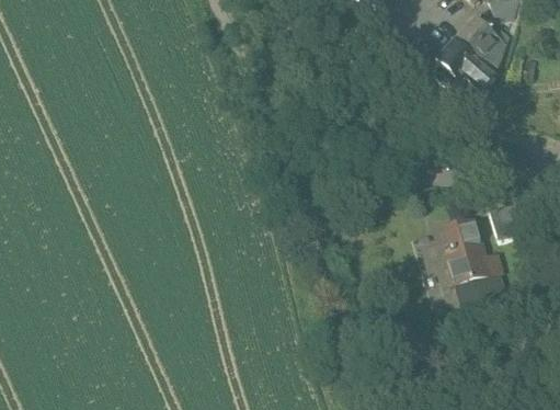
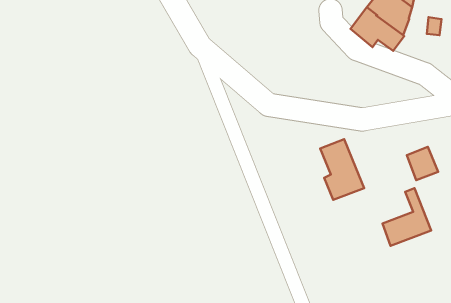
building: [445,216,491,283] -> [320,139,364,200]

